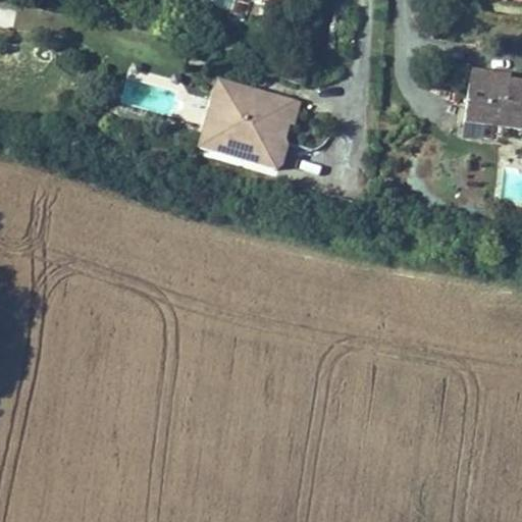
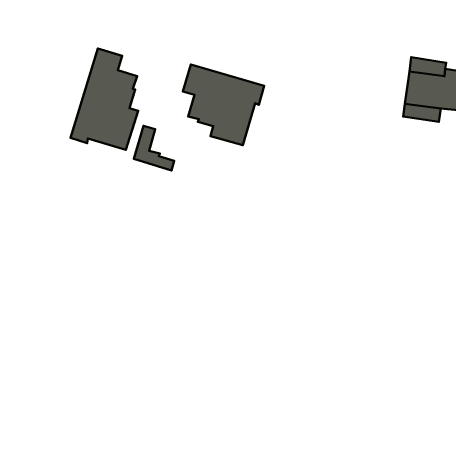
building: none -> [70,49,138,150]
building: [199,107,245,158] -> [134,126,174,171]

